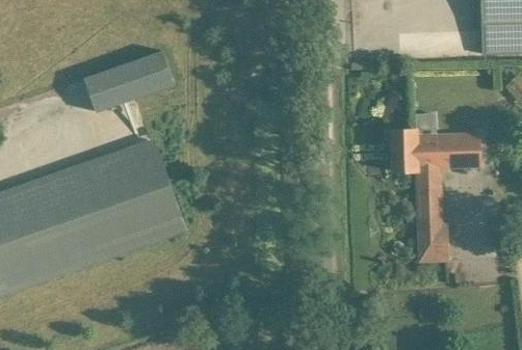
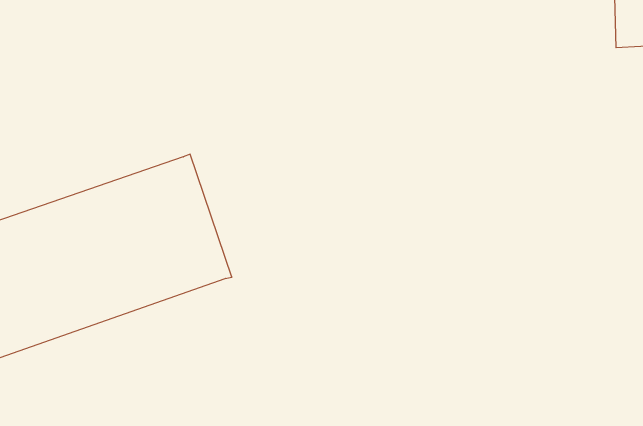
building: [85,51,175,112] -> none
building: [391,130,482,261] -> none

